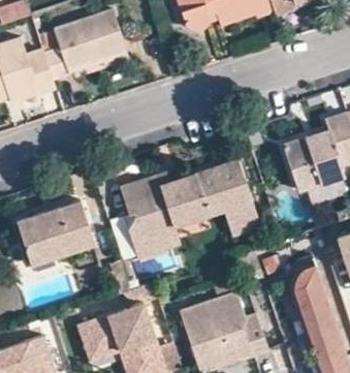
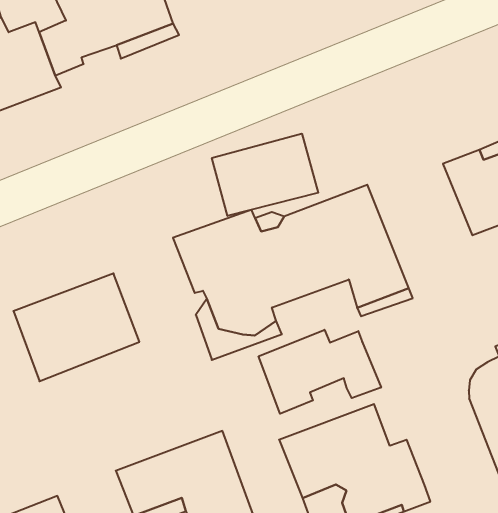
building: none -> [212,134,318,216]
building: none -> [259,330,381,414]

